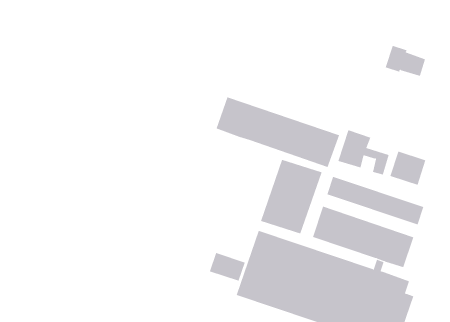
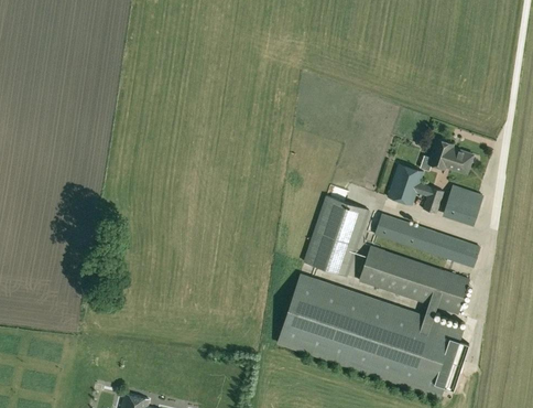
building: [385,45,426,77] -> [428,139,472,173]
building: [216,97,340,168] -> none
building: [209,252,245,282] -> none

